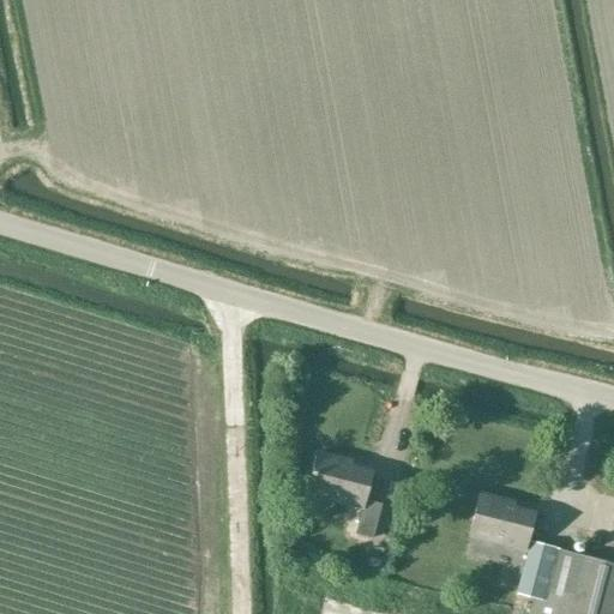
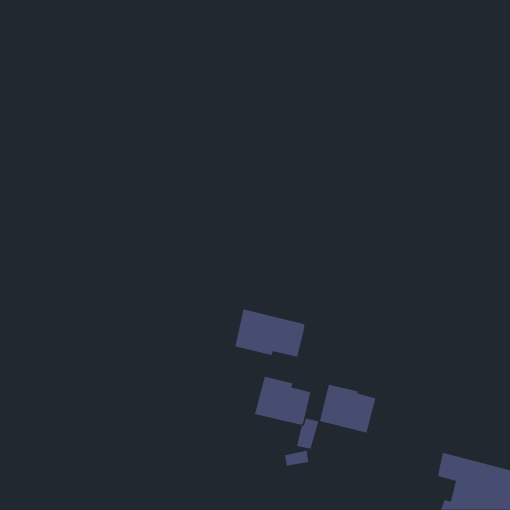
building: none -> [235,308,305,357]
building: [469,493,537,552] -> [319,384,376,433]

